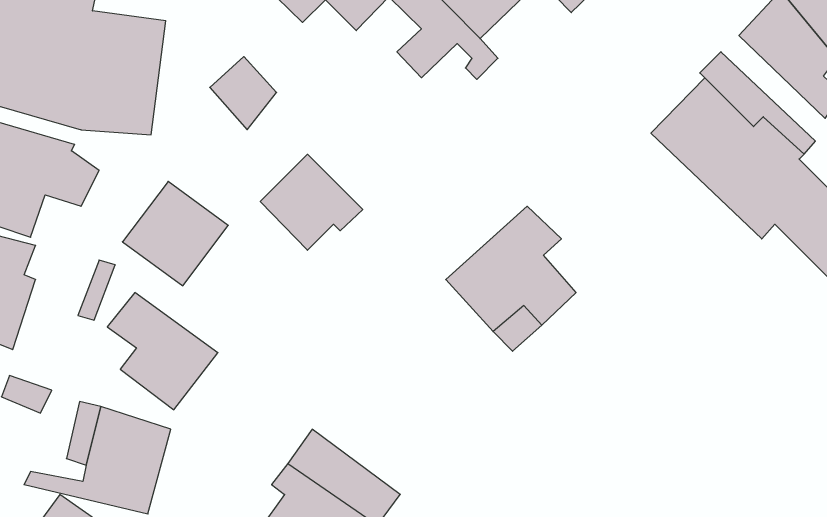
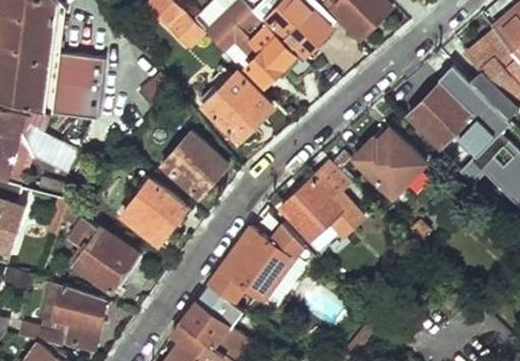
building: none -> [204,74,270,140]
building: none -> [351,130,421,198]
building: [122,181,228,286] -> [122,183,188,248]
building: none -> [207,226,303,304]

